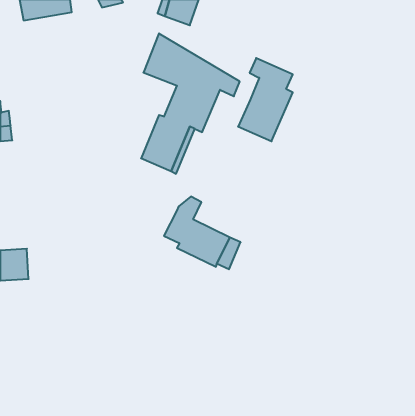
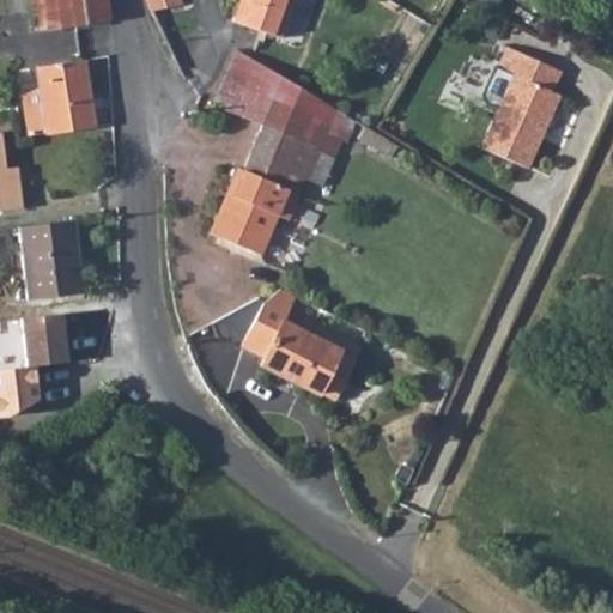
building: none -> [25,60,93,134]
building: [238,58,293,141] -> [481,44,562,166]
building: none -> [20,219,84,299]
building: none -> [23,314,68,365]

